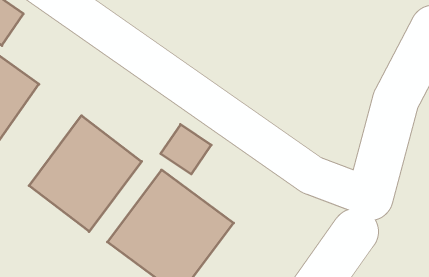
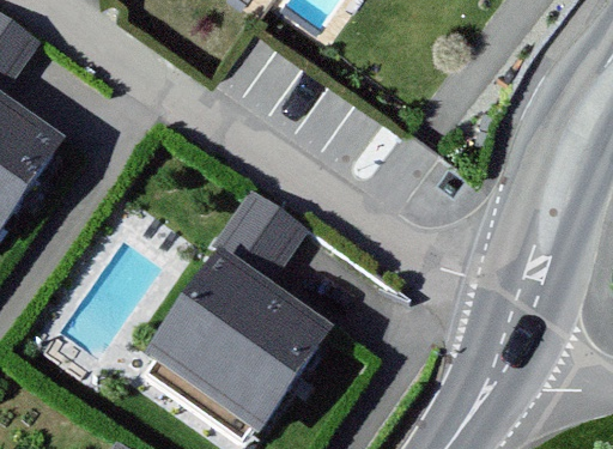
building: [29,116,142,232] -> none

